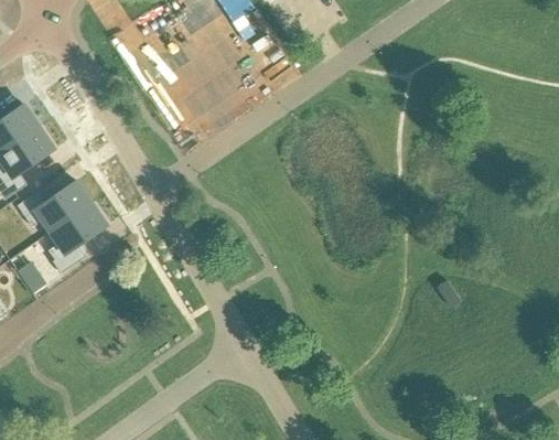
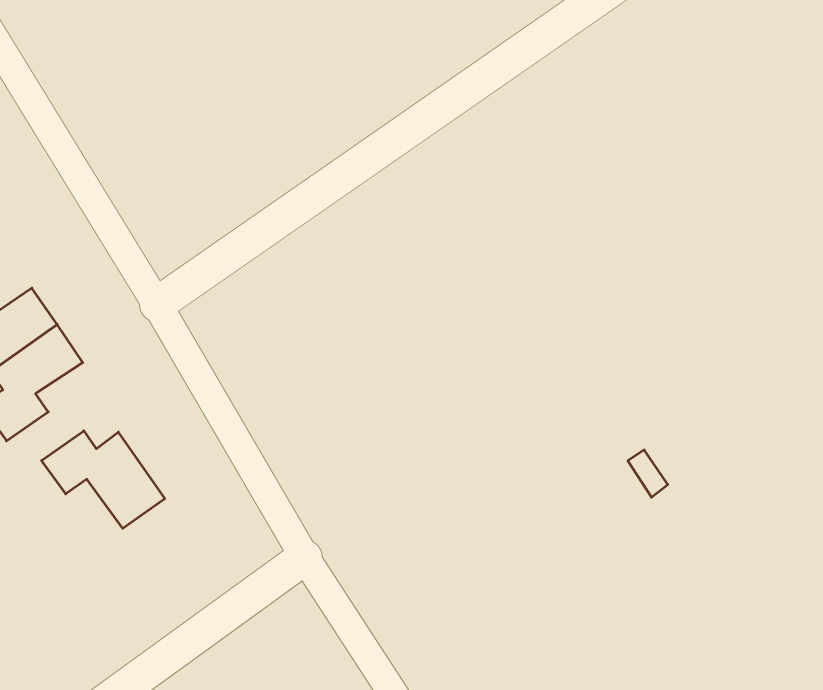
building: none -> [42,431,165,528]

